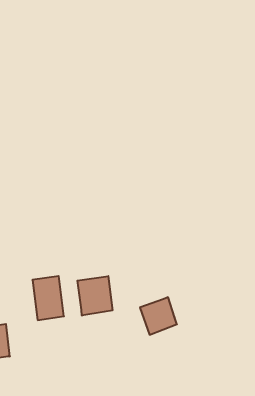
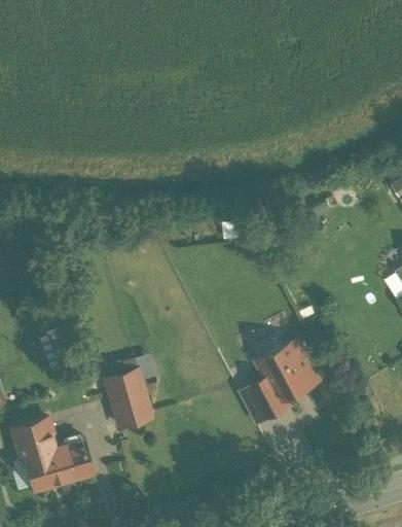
building: none -> [257,340,318,398]
building: [77,276,112,316] -> none

